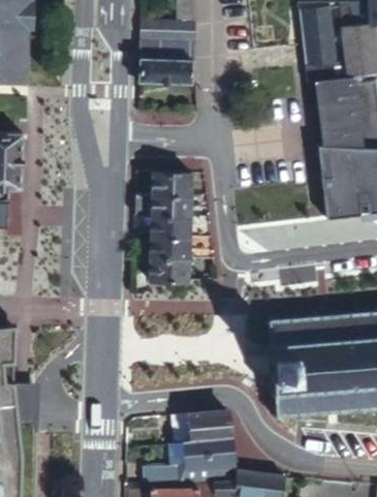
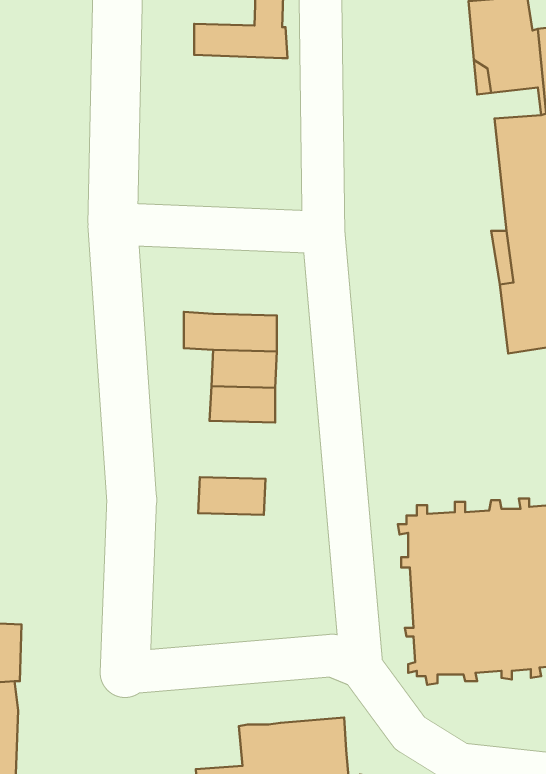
building: [139,42,194,84] -> none
building: [153,174,192,198] -> none
building: [150,261,190,284] -> [198,477,266,515]
building: [171,413,231,443] -> none

